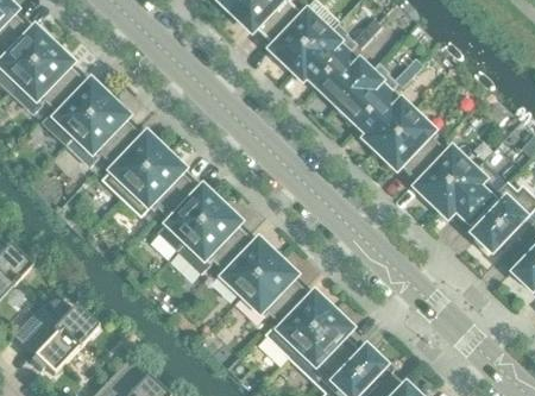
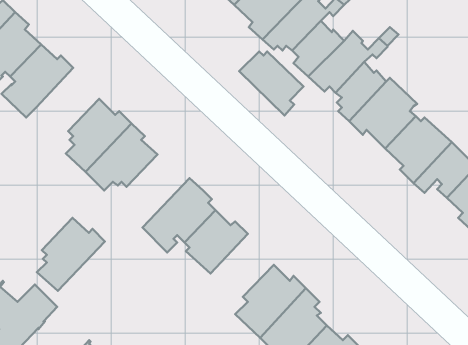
building: none -> [239,52,304,115]
building: [67,96,136,165] -> none
building: [157,180,222,250] -> [37,218,105,291]
building: [243,256,303,316] -> none

